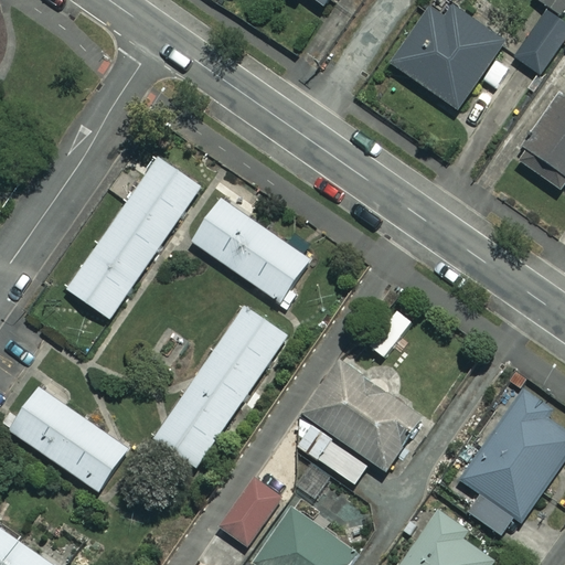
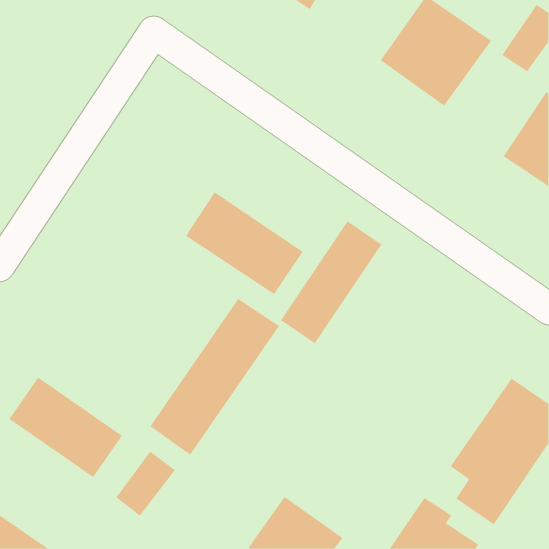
building: [66,156,201,318] -> none
building: none -> [280,221,382,344]
building: [300,358,425,483] -> none
building: [220,479,281,546] -> [116,451,176,517]

